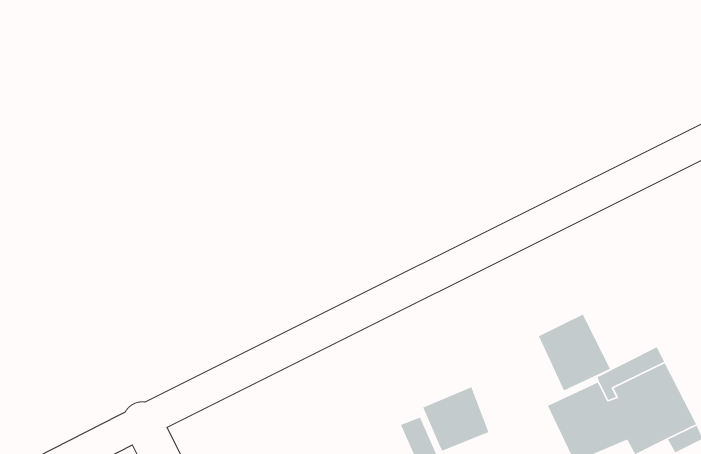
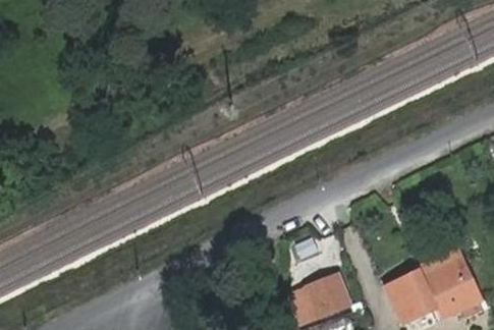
building: [538,314,611,392] -> none

